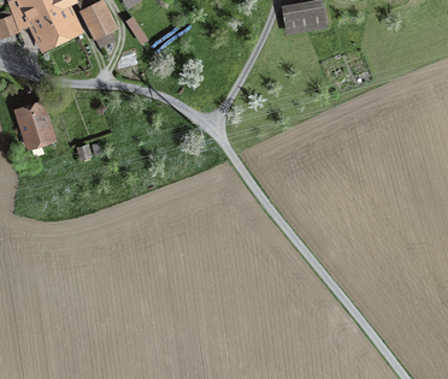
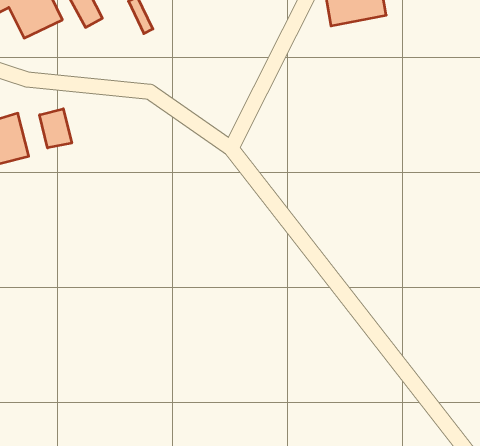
building: none -> [40,109,72,148]

